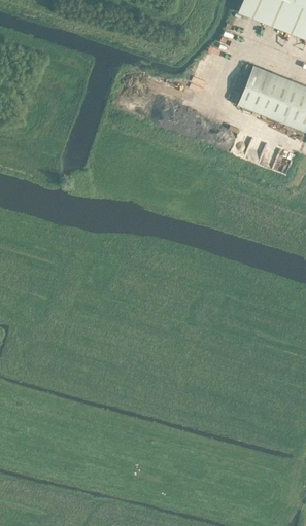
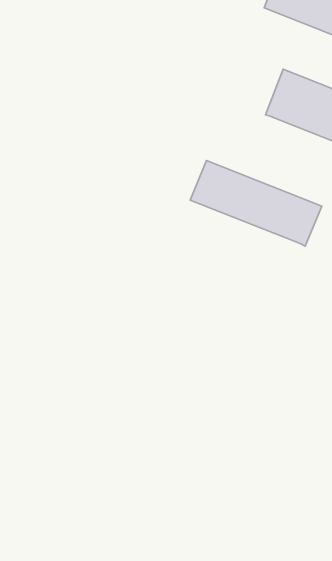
building: none -> [190,161,322,246]

